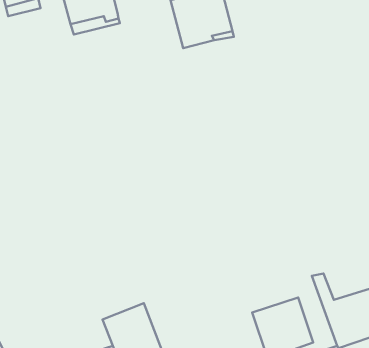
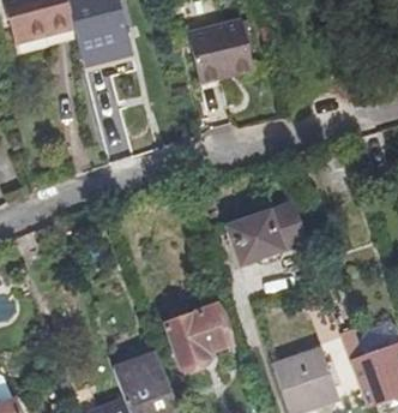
building: none -> [227,198,304,259]
building: none -> [164,301,229,367]

